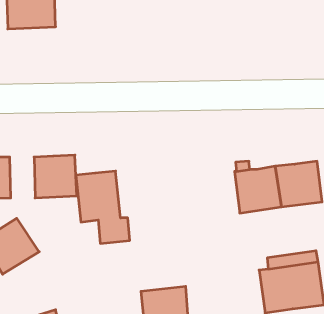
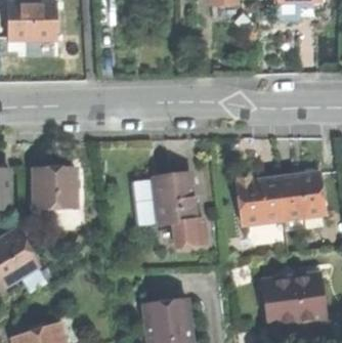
building: [76,171,130,243] -> [153,172,207,245]

